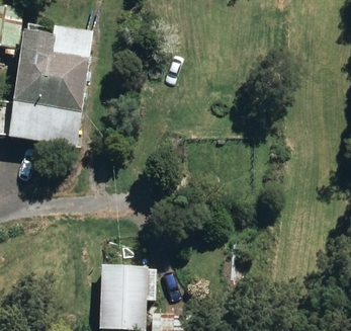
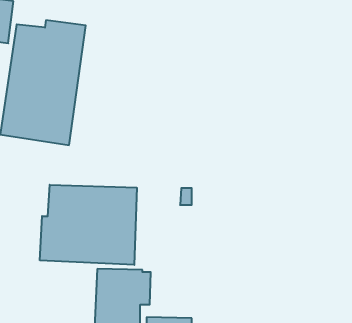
building: none -> [40,185,137,265]

